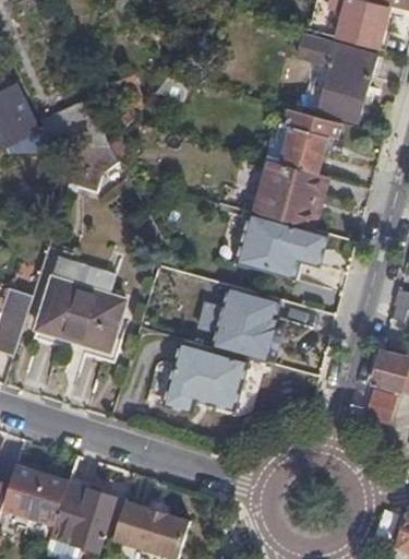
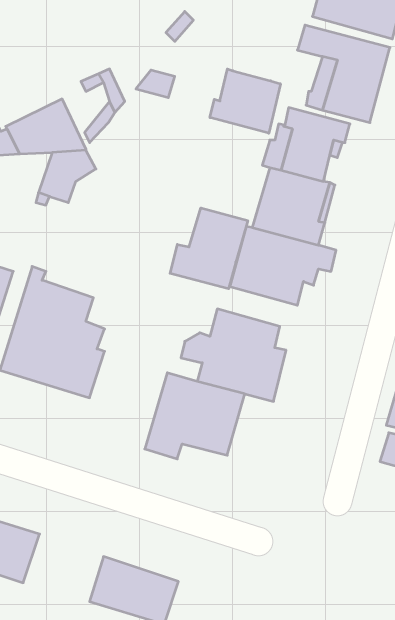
building: none -> [210,69,280,133]
building: none -> [170,208,248,289]
building: [52,480,116,549] -> none

